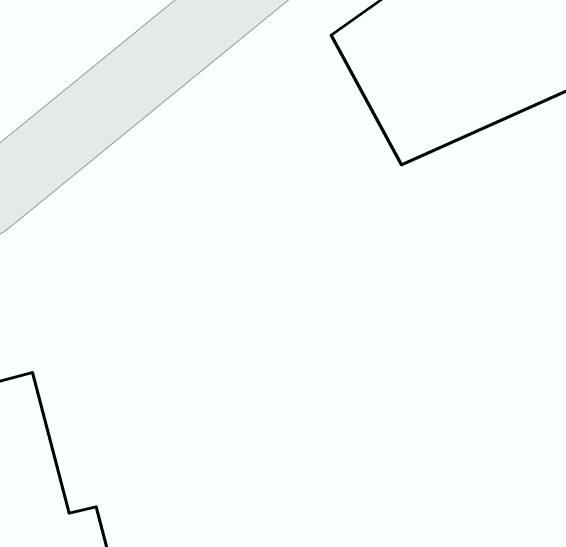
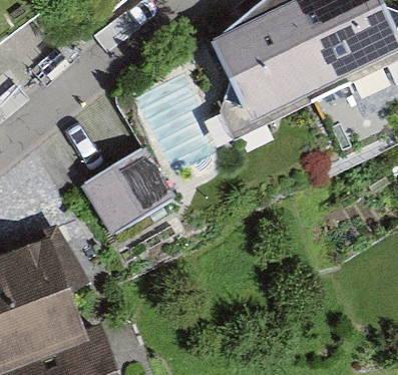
building: none -> [82,147,176,237]

